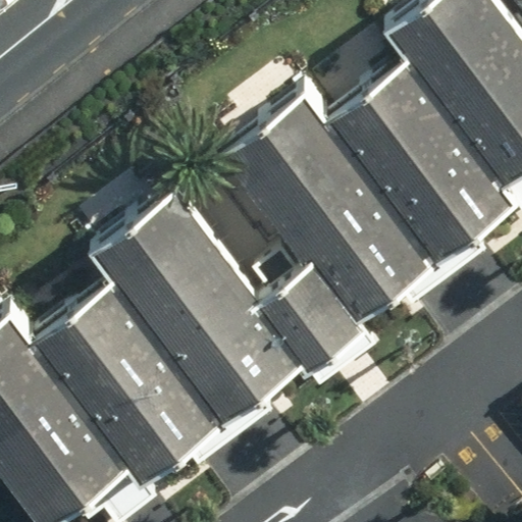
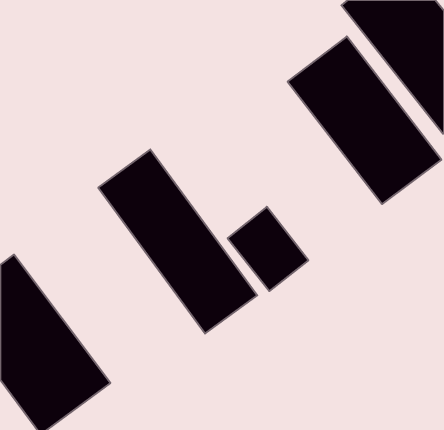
building: [245,96,429,309] -> none
building: [53,274,228,470] -> none

